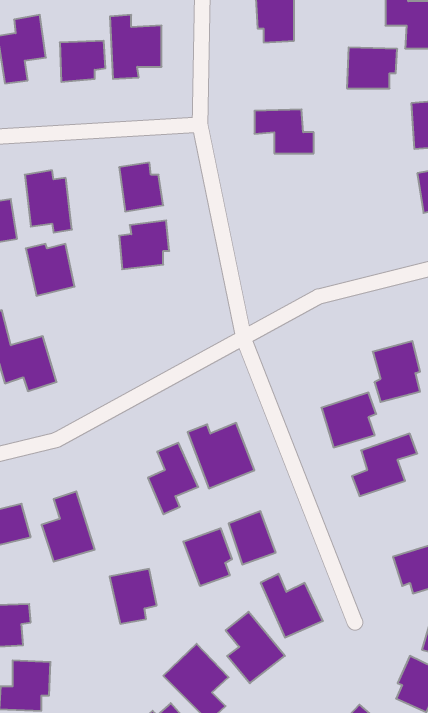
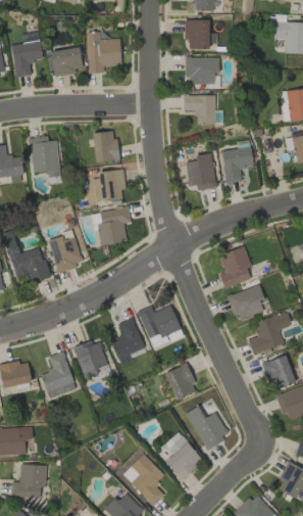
building: [347,47,397,88] -> [186,56,219,84]
building: none -> [221,146,253,183]
building: none -> [185,152,216,190]
building: [26,244,75,296] -> [49,236,82,271]
building: none -> [96,205,131,245]
building: [373,341,420,402] -> [218,246,250,287]
building: none -> [261,355,295,389]
building: [183,528,232,586] -> none
building: [110,569,157,624] -> [74,340,106,377]

